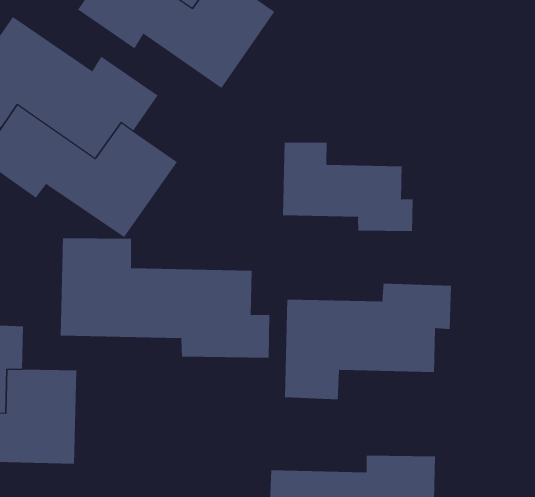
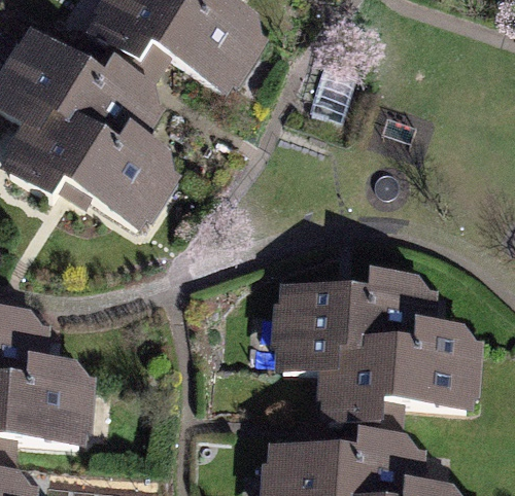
building: [282,142,413,232] -> none
building: [60,237,270,358] -> none
building: none -> [327,331,479,431]

